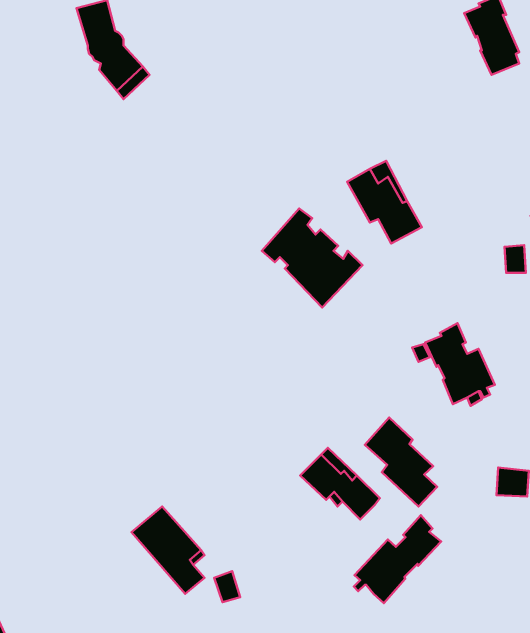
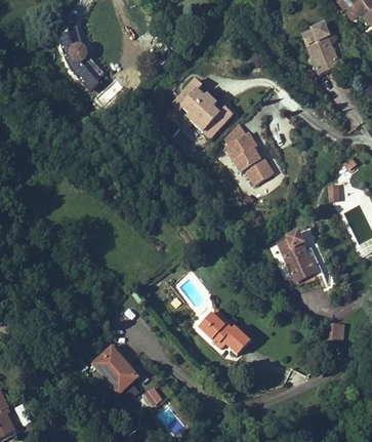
building: [262,208,363,307] -> [172,76,236,138]
building: [365,418,437,507] -> none
building: [354,515,441,603] -> none

